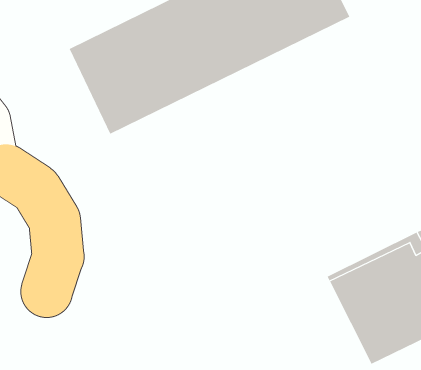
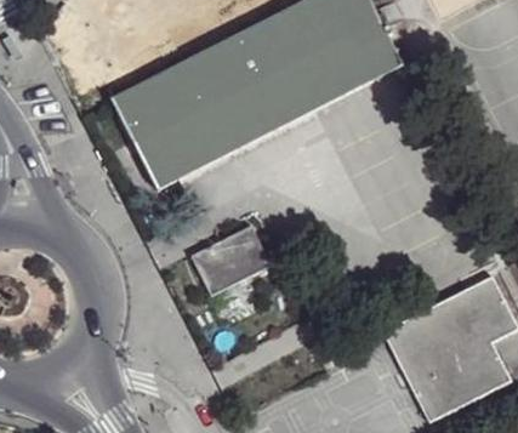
building: none -> [190,222,269,291]

